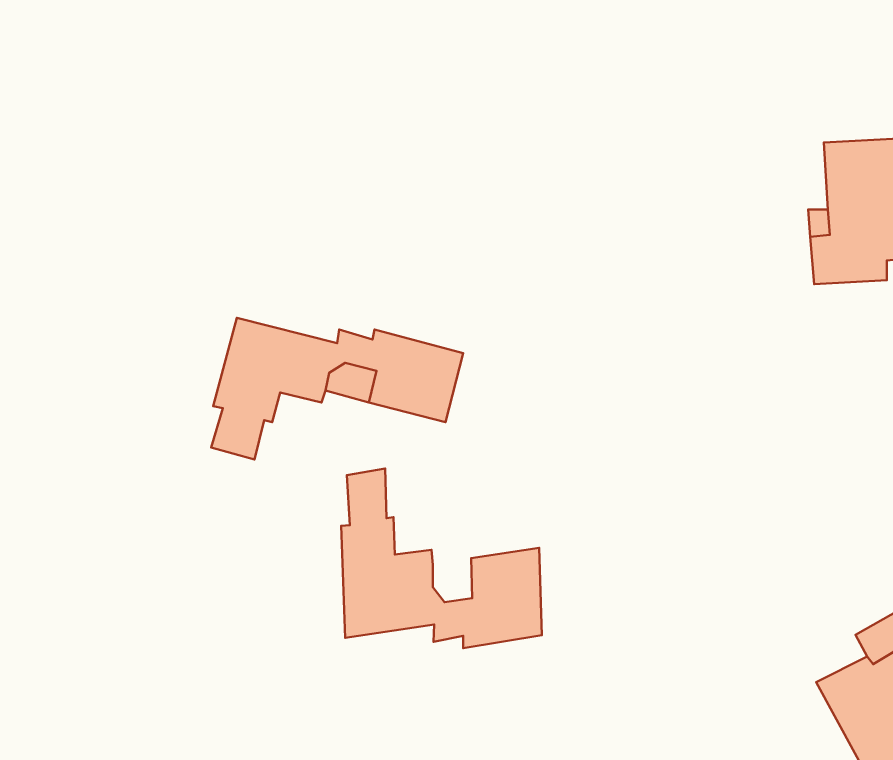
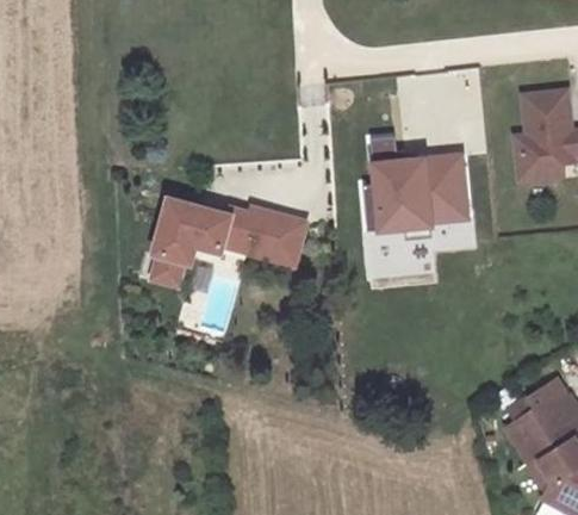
building: none -> [362,136,467,240]
building: [341,468,542,648] -> none

